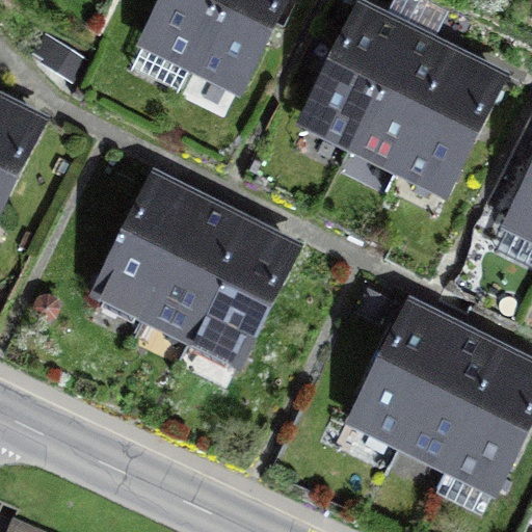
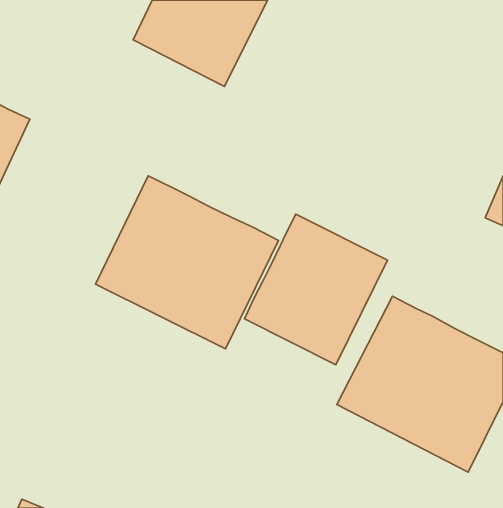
building: [301,11,497,194] -> none
building: none -> [244,214,387,365]

